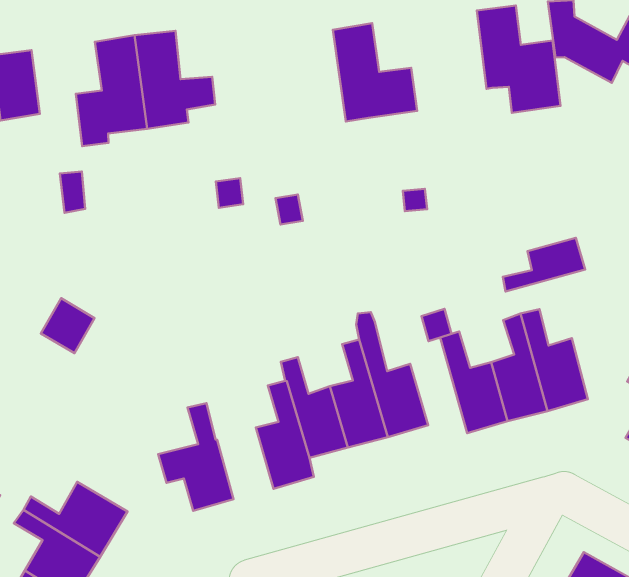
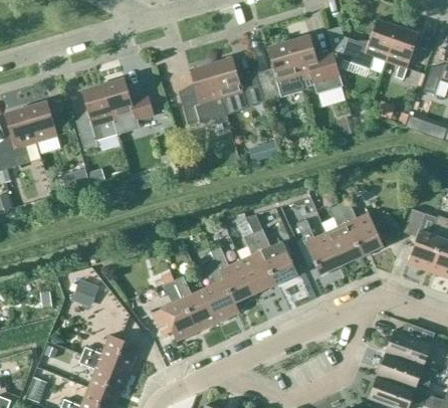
building: none -> [257,40,305,100]
building: none -> [178,63,227,124]
building: [503,238,585,291] -> none
building: [41,298,95,353] -> [71,278,99,308]
building: none -> [174,275,218,330]

